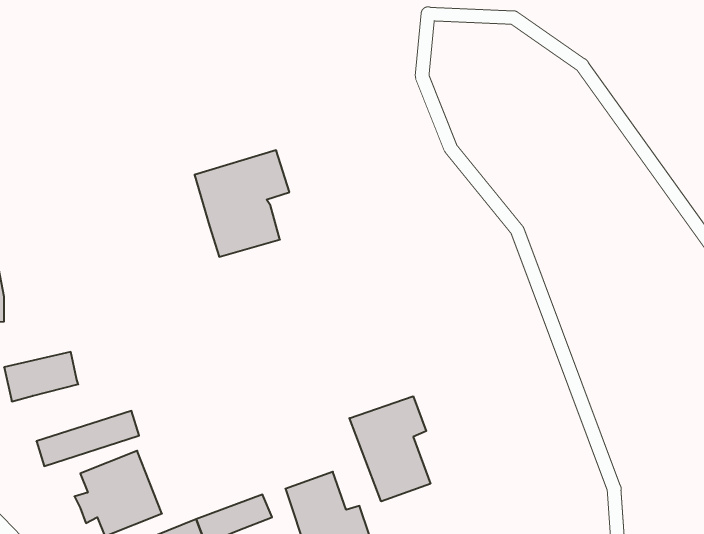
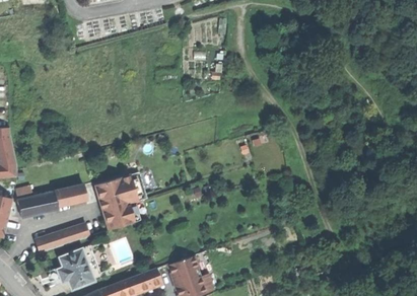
building: [194,150,289,257] -> [94,173,145,230]
building: none -> [53,184,86,207]
building: [349,396,430,501] -> none

